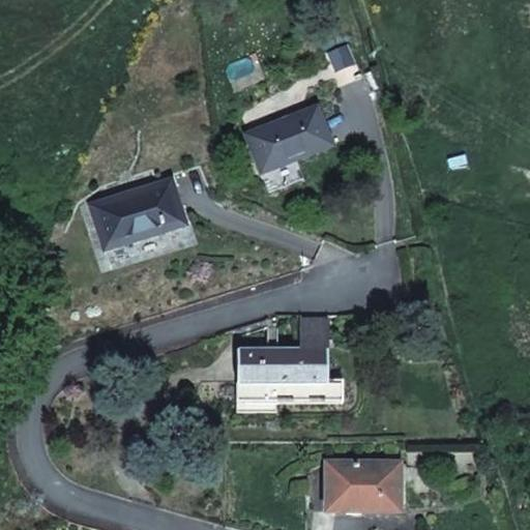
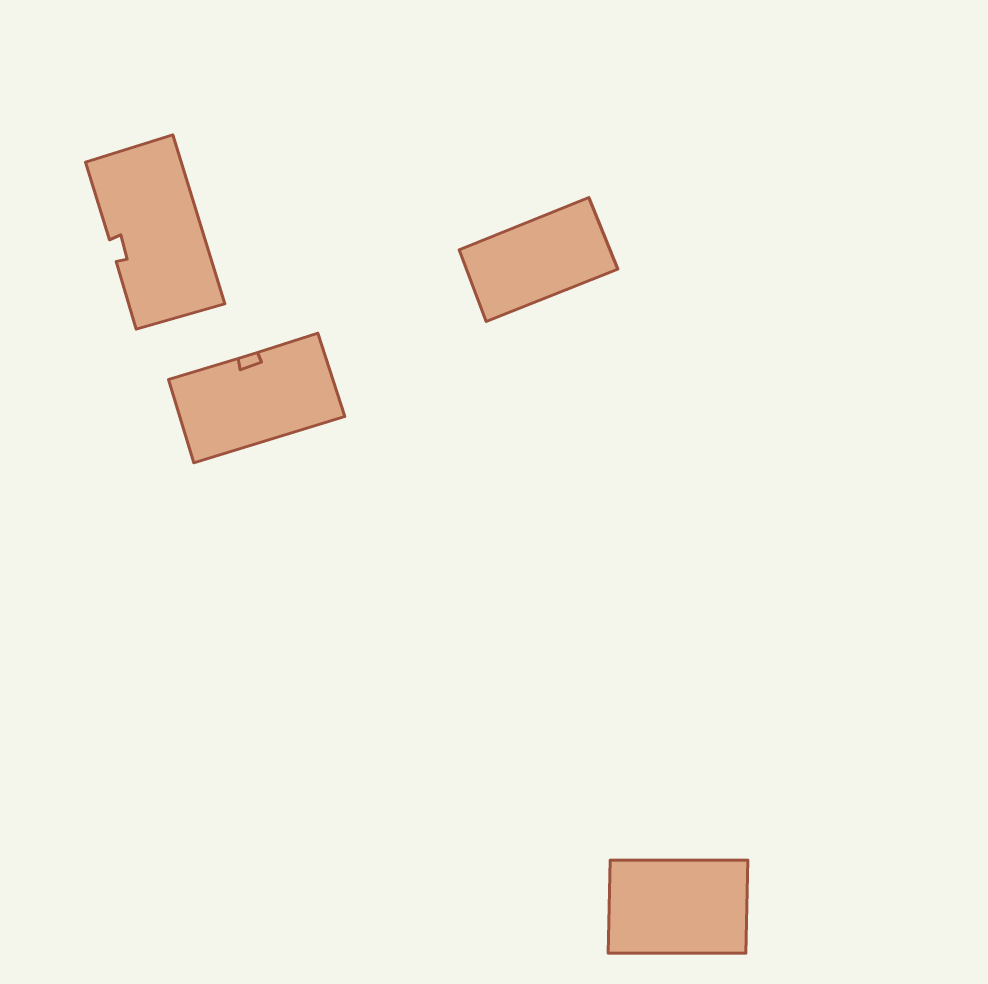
building: none -> [85,135,225,329]
building: [236,323,341,402] -> none

